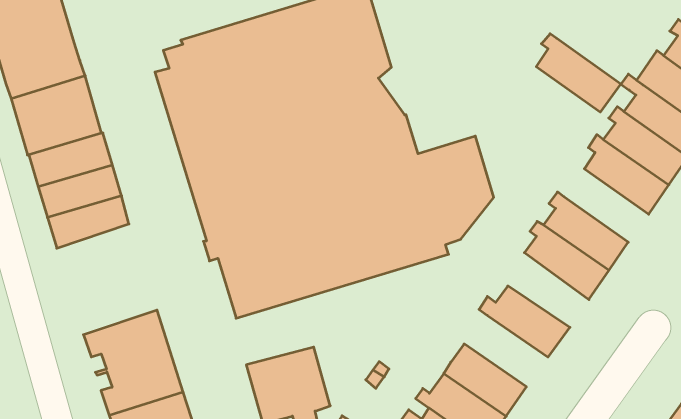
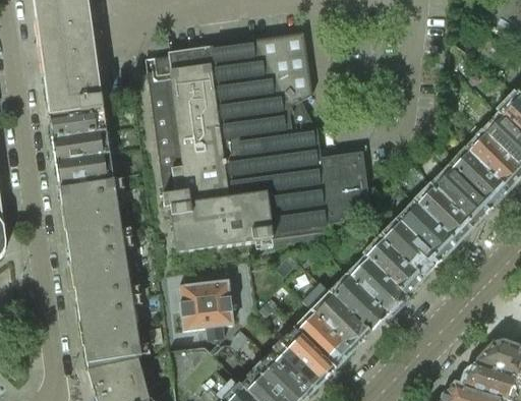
building: [536,34,621,112] -> [417,181,474,241]
building: none -> [59,178,122,246]
building: none -> [366,234,423,294]
building: none -> [328,277,389,331]

